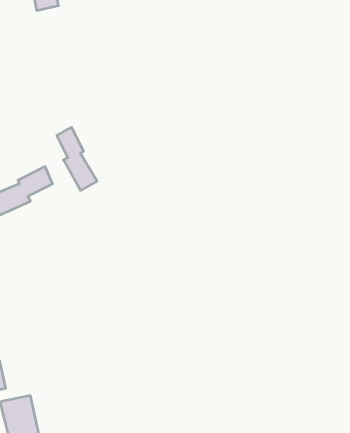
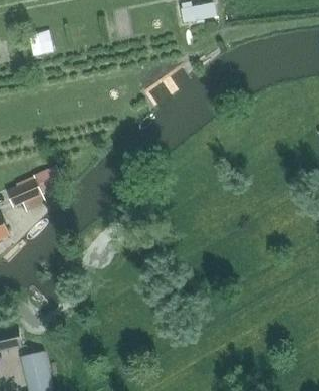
building: [57,127,97,190] -> none

